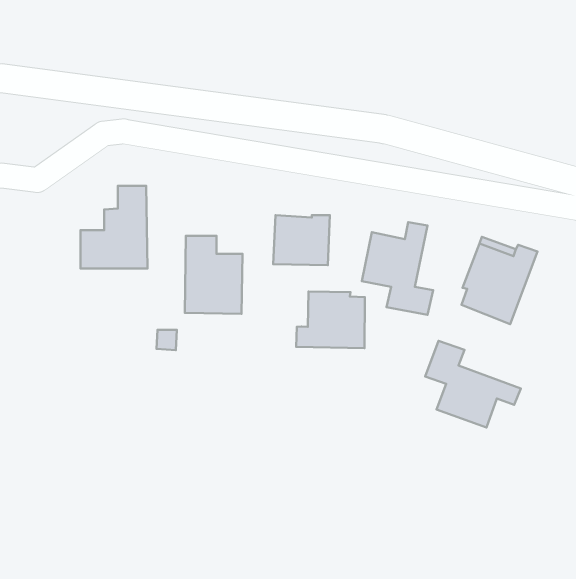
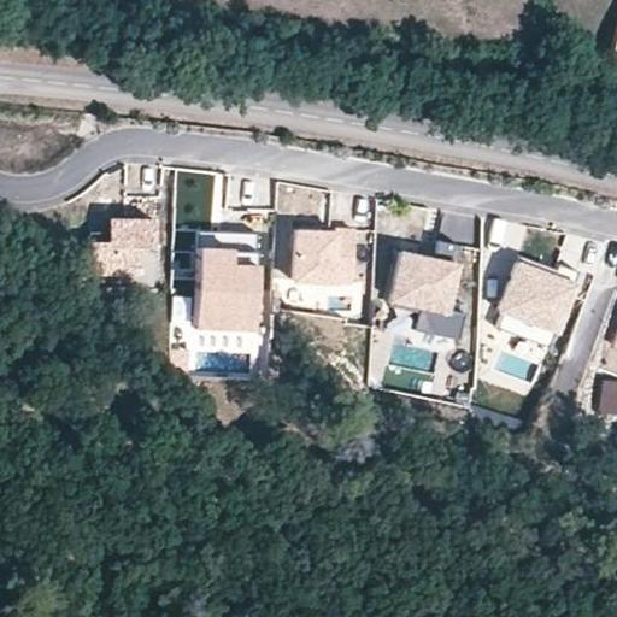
building: [296,292,365,348] -> none
building: [425,341,521,427] -> none

